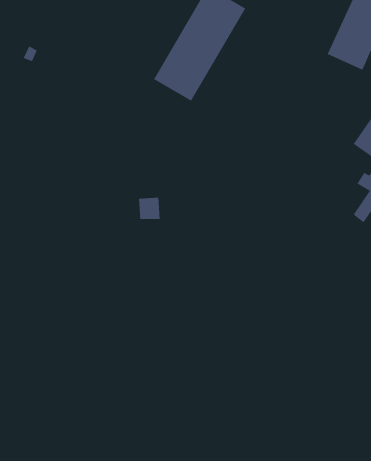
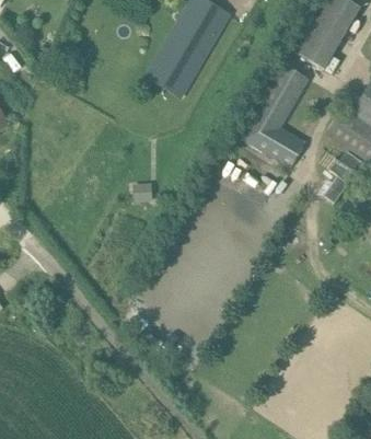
building: none -> [242,63,308,165]

